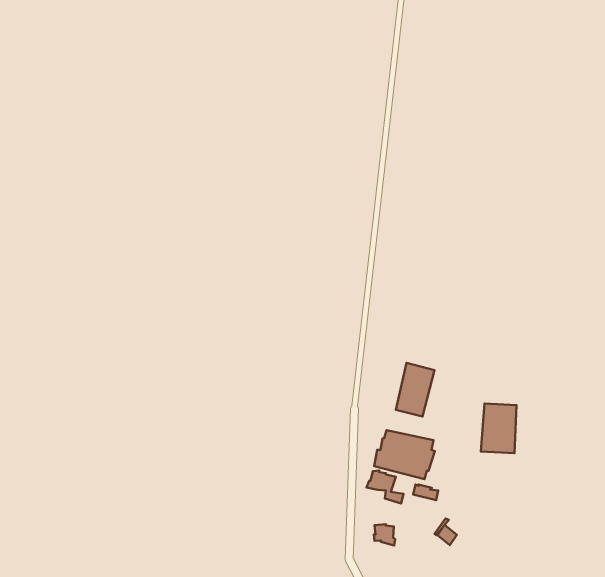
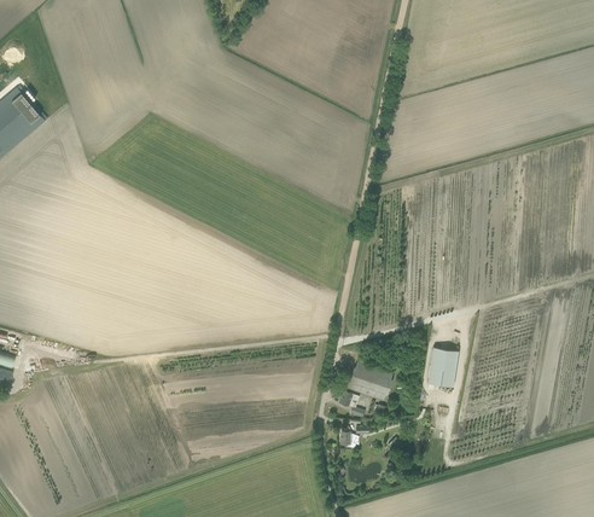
building: [396,363,435,416] -> none

